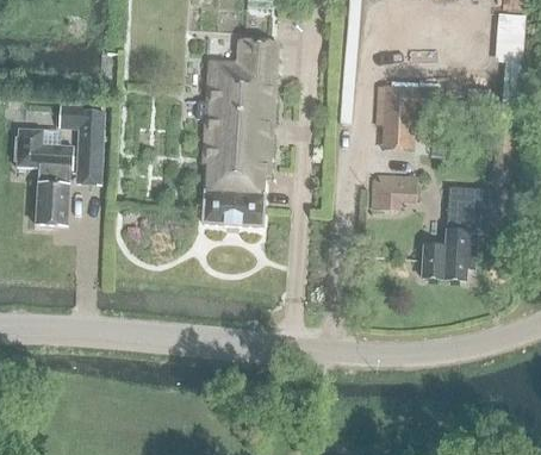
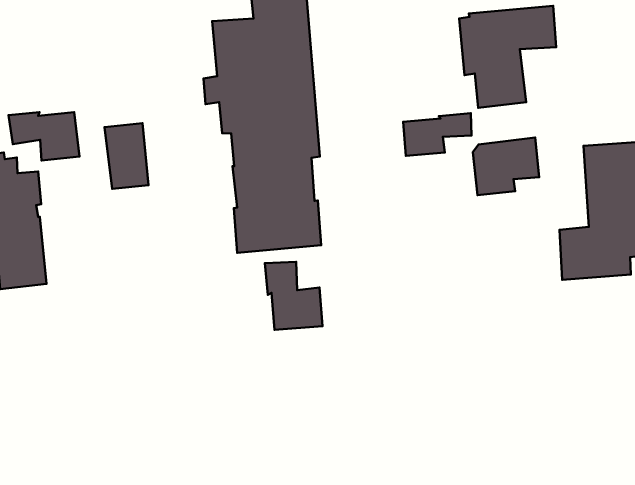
building: [76,139,104,183] -> [105,123,148,189]
building: none -> [403,113,471,156]
building: none -> [265,262,323,330]

